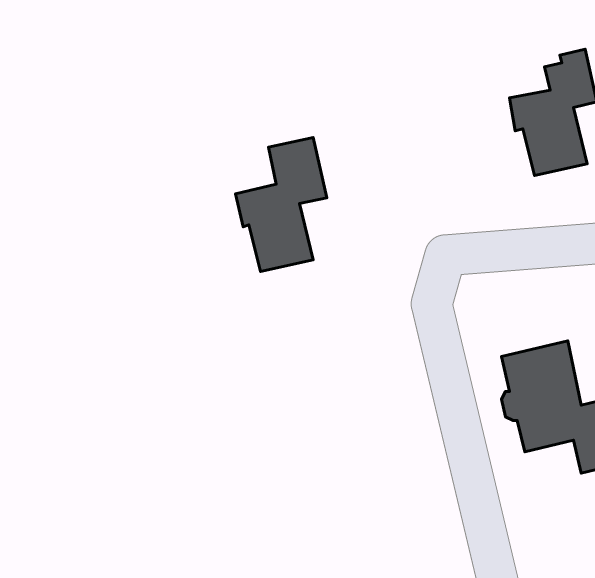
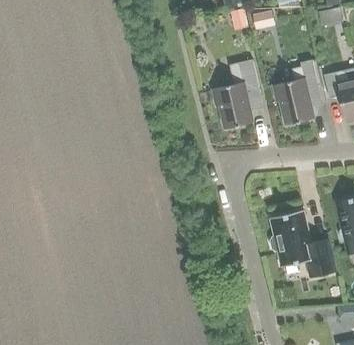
building: [235,138,327,272] -> [212,59,259,128]

